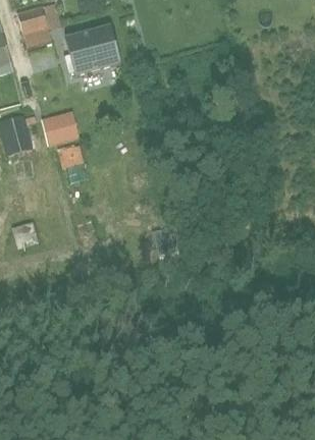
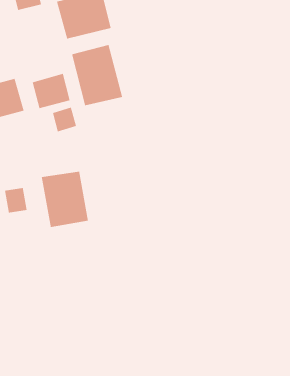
building: none -> [72,44,123,106]
building: none -> [41,171,88,228]

